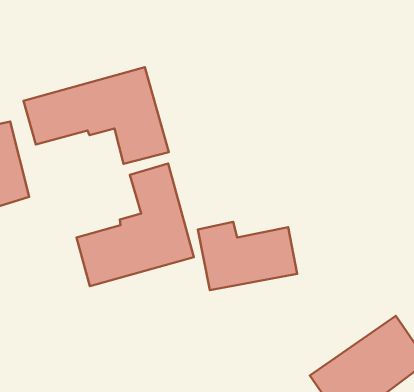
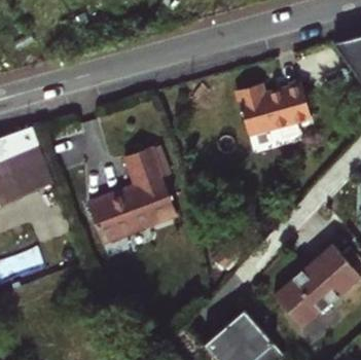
building: [24,67,169,164] -> none
building: [198,222,297,290] -> [236,84,313,137]

